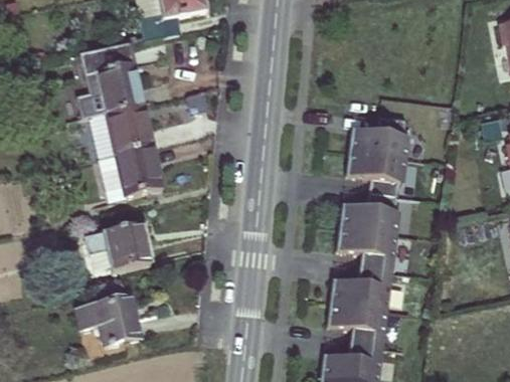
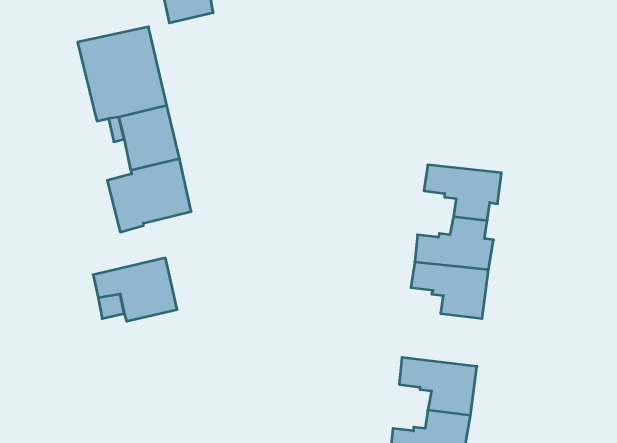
building: [348,117,408,158] -> none
building: [328,267,390,309] -> none
building: [77,300,140,347] -> none

